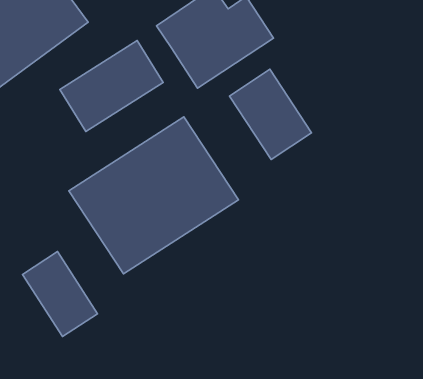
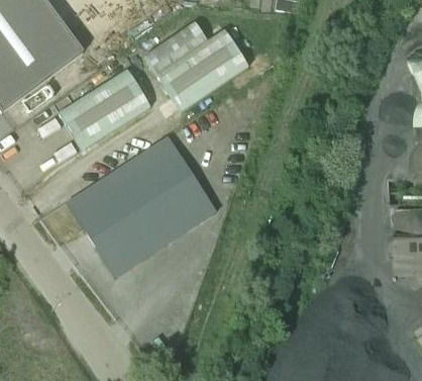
building: [230,69,312,160] -> none
building: [23,252,98,337] -> none

